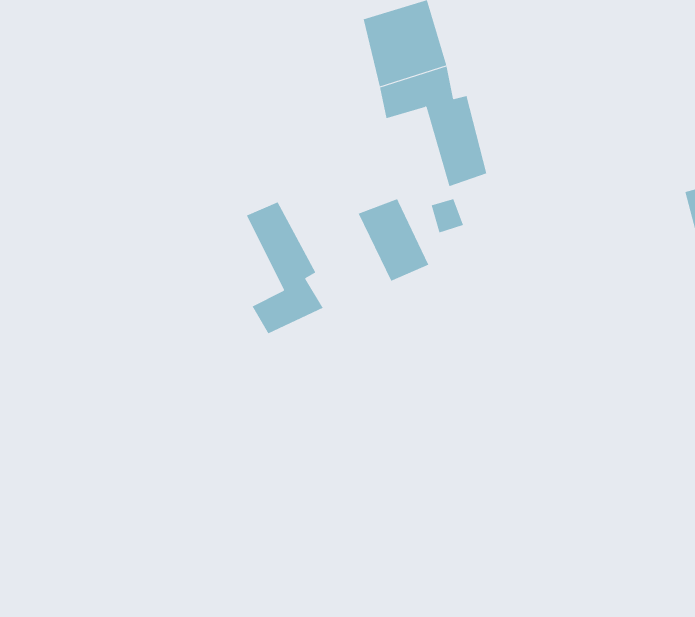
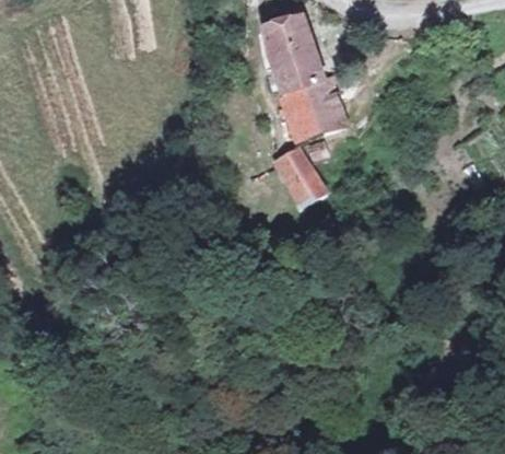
building: none -> [281,82,322,142]
building: [246,201,323,334] -> none

